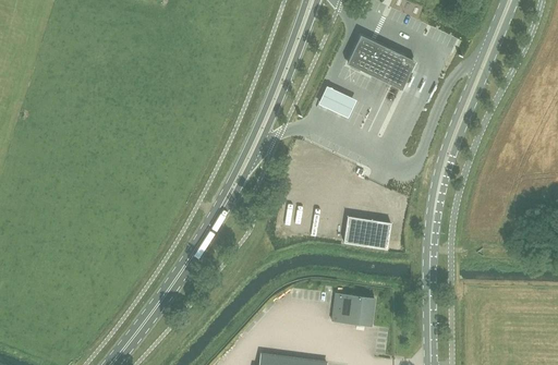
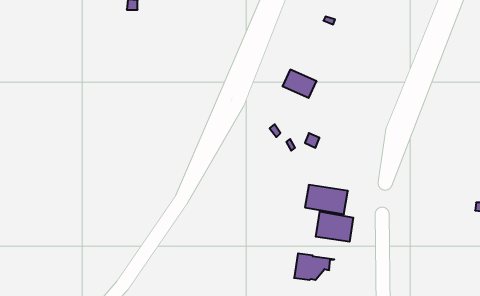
building: [348,37,413,89] -> none
building: none -> [316,211,353,242]

